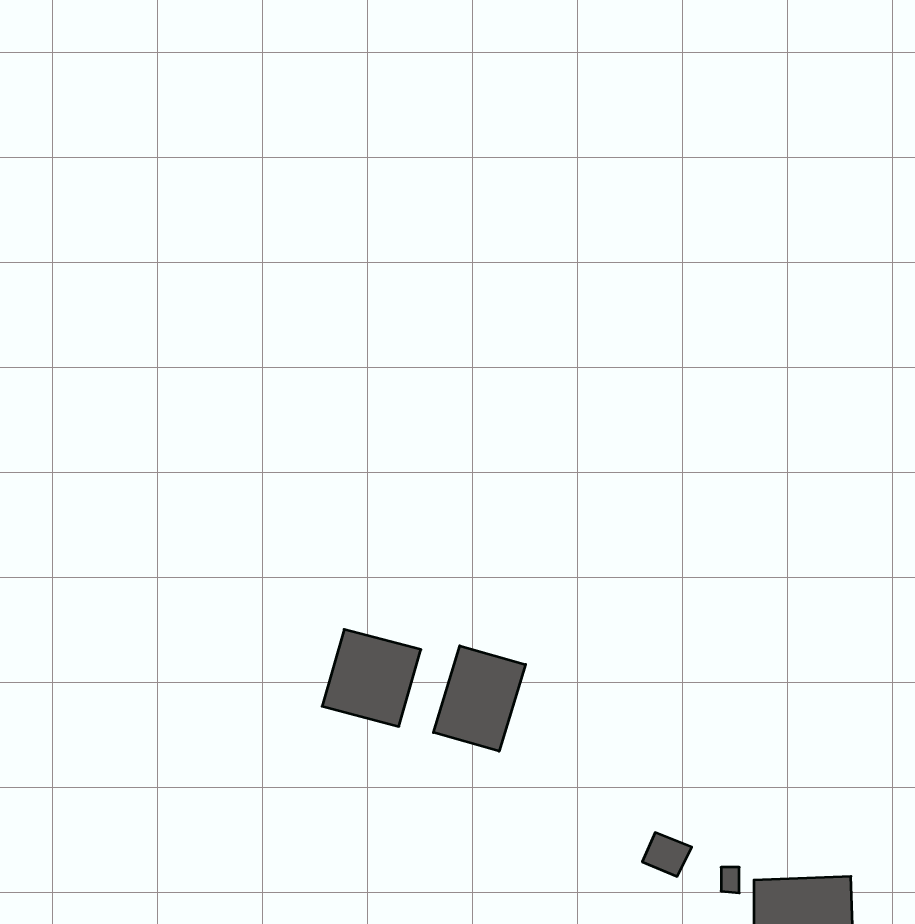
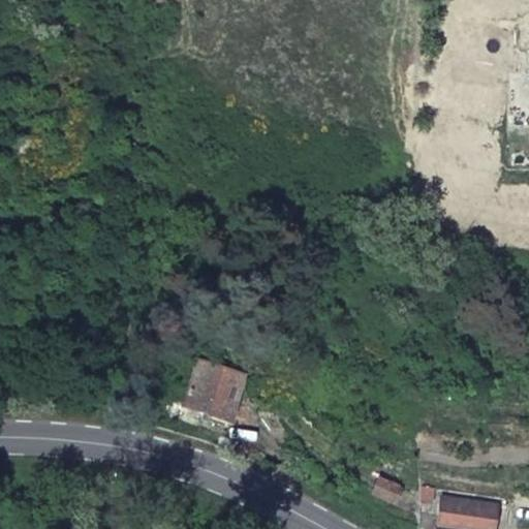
building: [433,646,526,751] -> none

